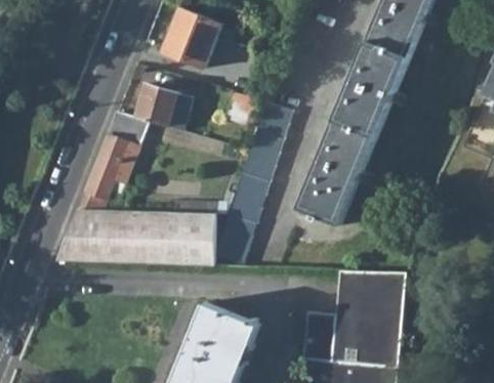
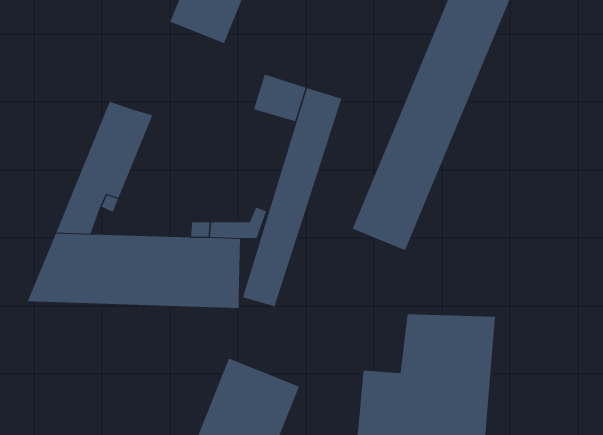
building: [134,84,189,126] -> none

